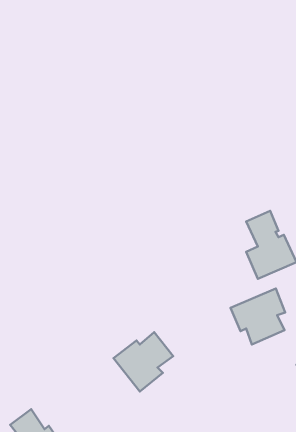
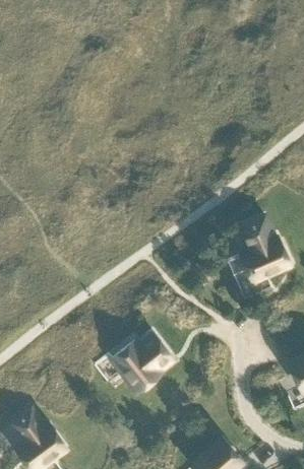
building: [230,288,285,344] -> none

